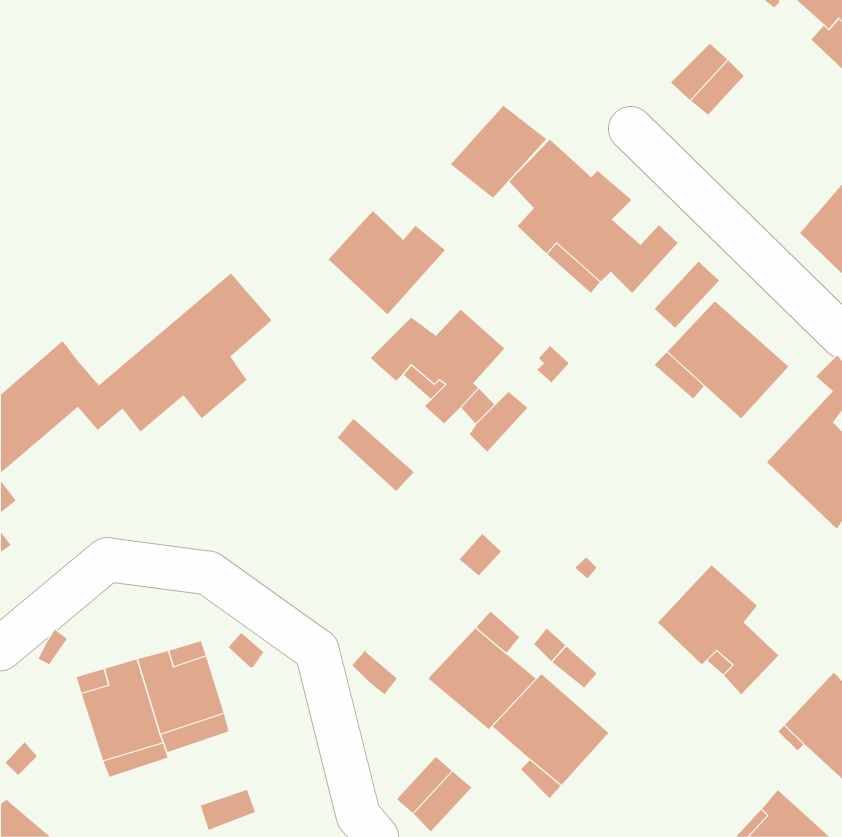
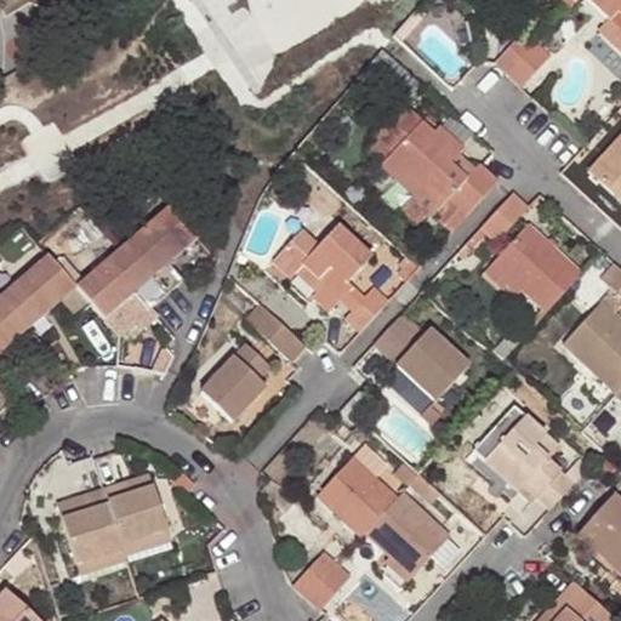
building: [450,105,547,199] -> none
building: [328,210,446,315] -> none
building: none -> [374,313,472,403]
building: none -> [203,346,270,425]

